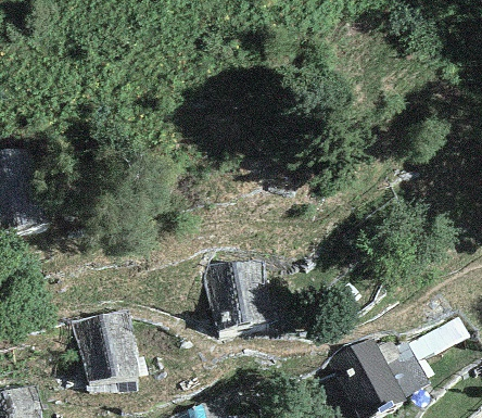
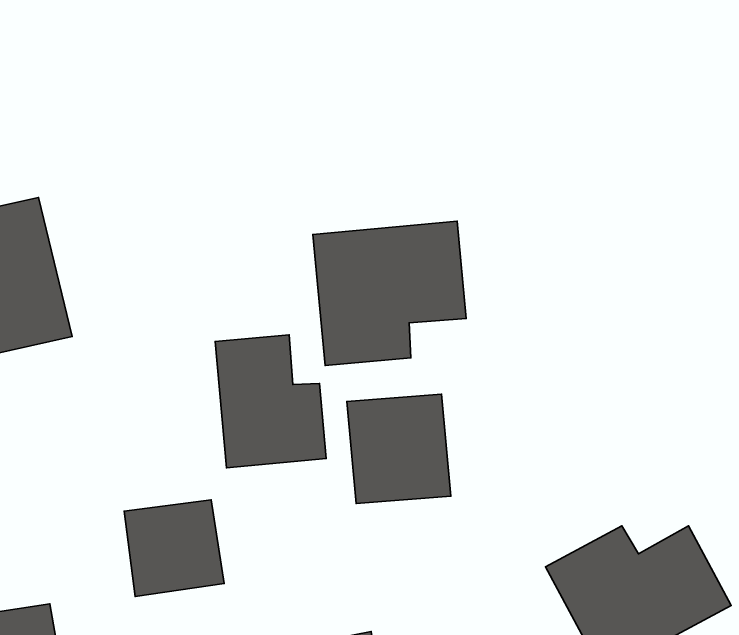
building: none -> [313,221,466,365]
building: none -> [215,335,326,468]

